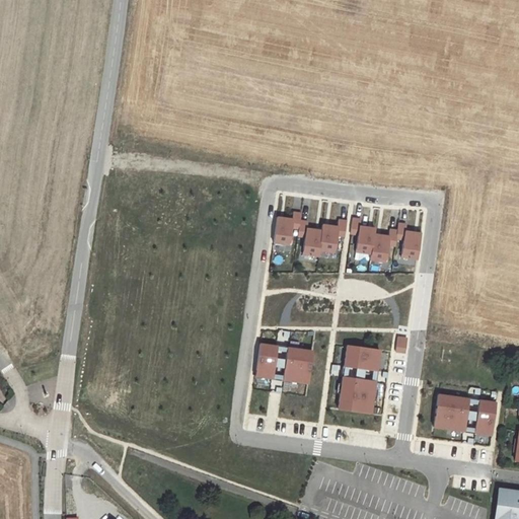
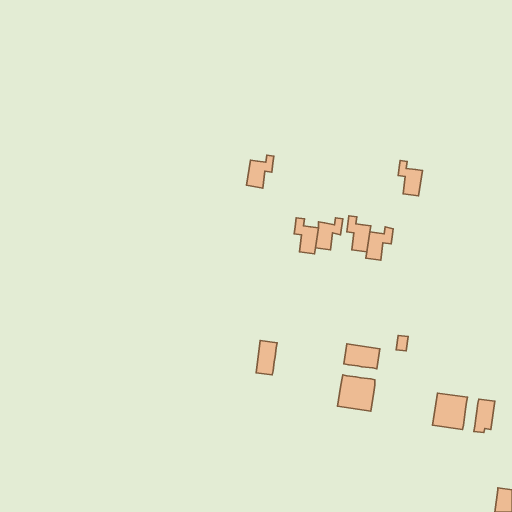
building: [272,211,299,244] -> [247,155,274,188]
building: [394,223,419,258] -> [398,160,422,196]
building: [285,347,314,383] -> none

